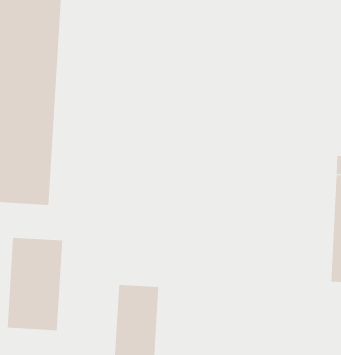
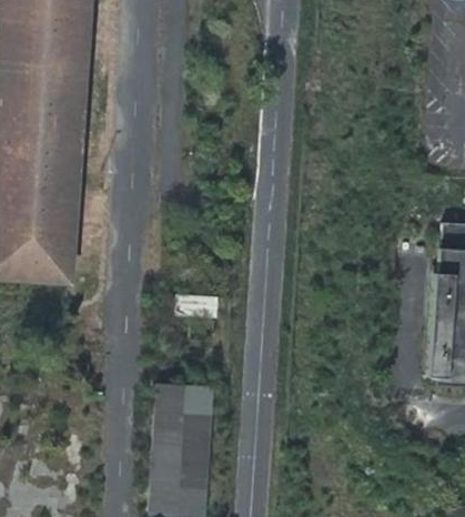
building: [7,237,63,331] -> none

